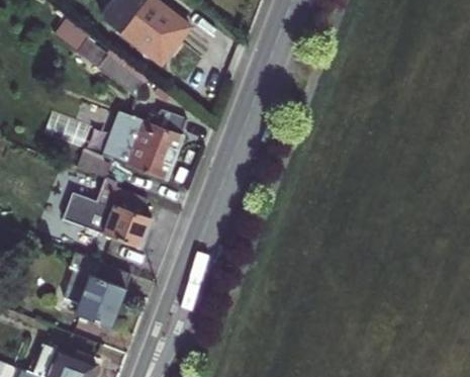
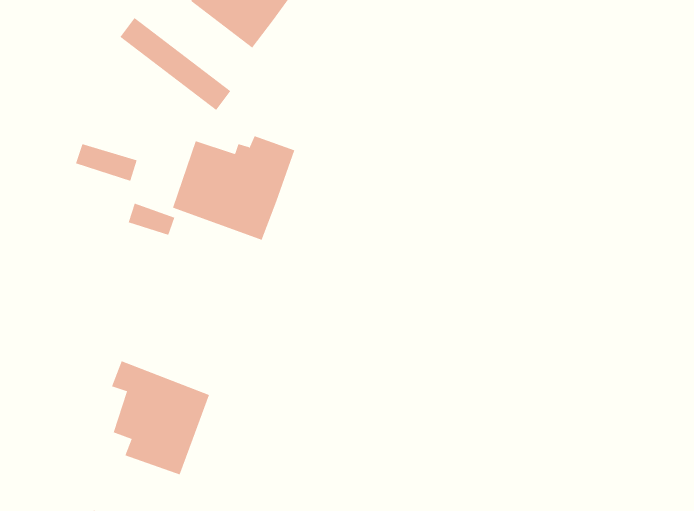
building: [61,179,158,245] -> none

